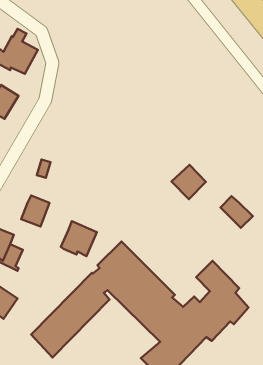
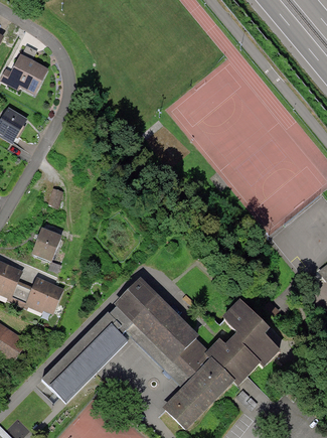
building: [171,165,206,199] -> none
building: [220,196,253,228] -> none
building: [61,221,97,256] -> [24,276,63,314]

